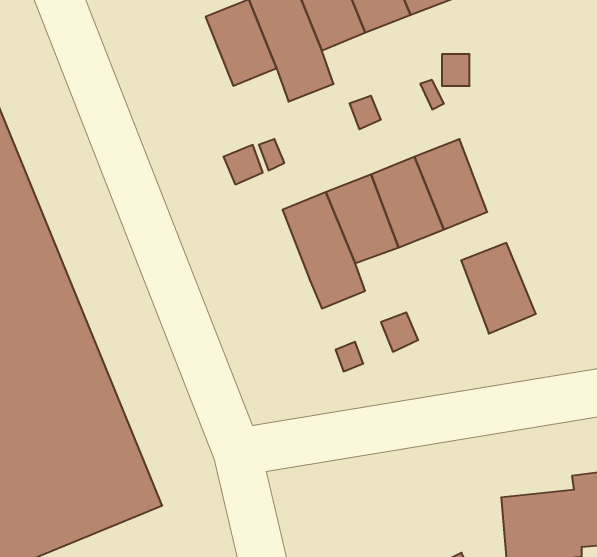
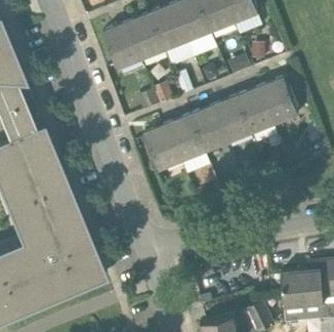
building: none -> [103,24,142,69]
building: none -> [143,124,182,171]
building: [461,243,536,334] -> [260,78,299,125]

